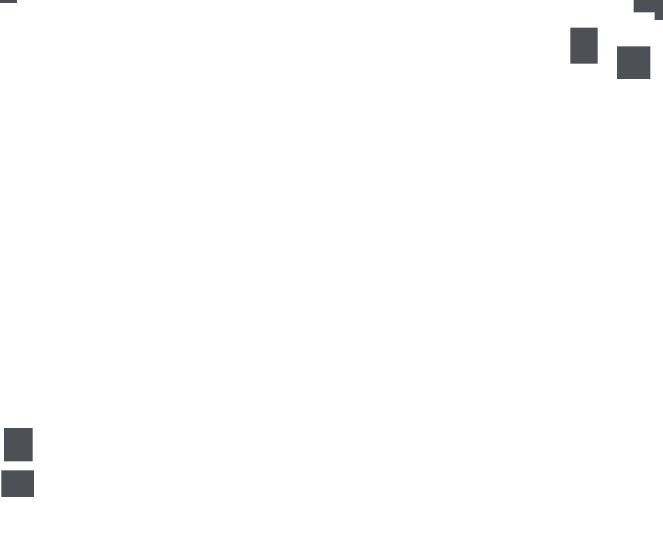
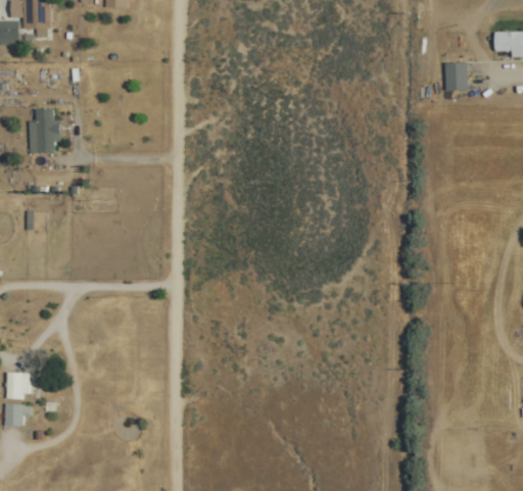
building: [616,46,651,80] -> none
building: none -> [29,108,58,152]

